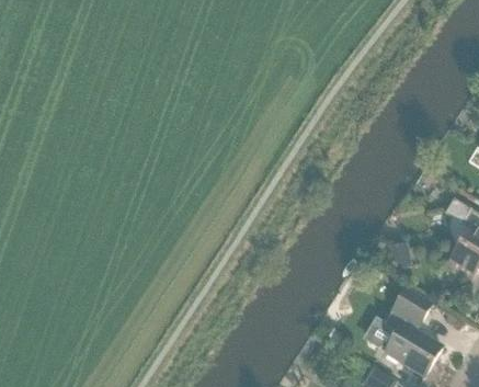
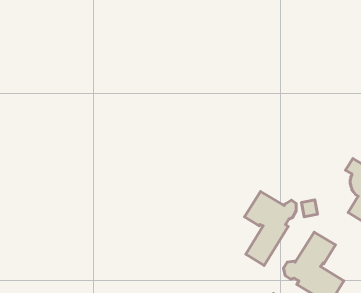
building: none -> [244,192,296,265]

